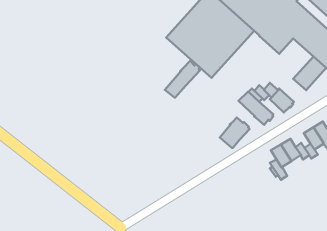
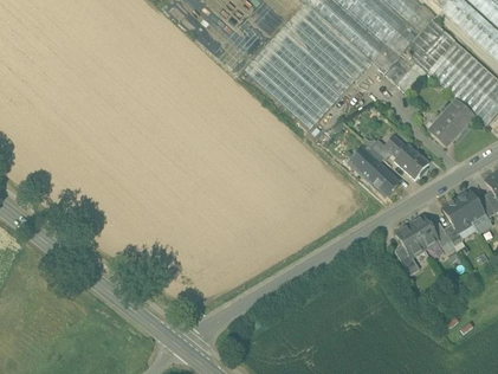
building: [165,61,200,98] -> none
building: [220,117,250,148] -> none

